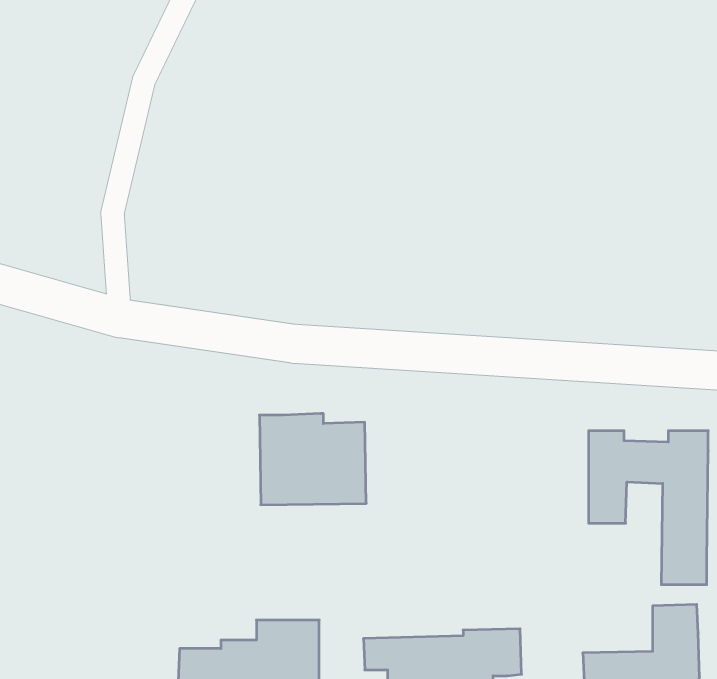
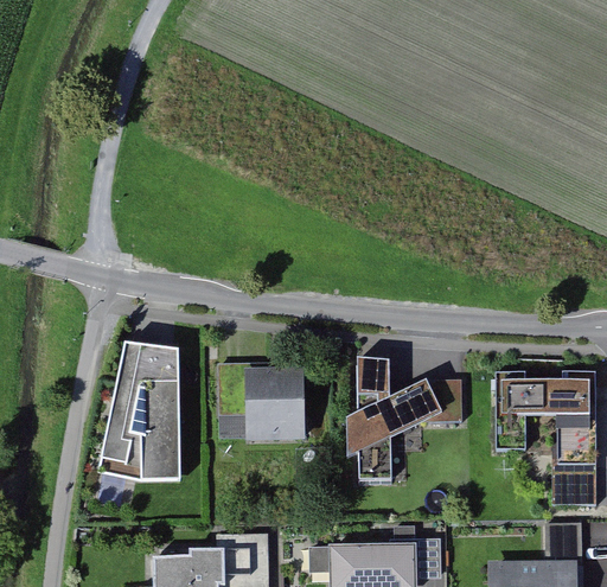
building: none -> [100,343,181,480]
building: none -> [344,357,465,478]

